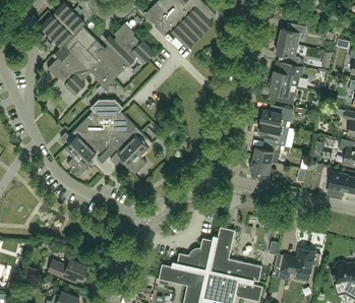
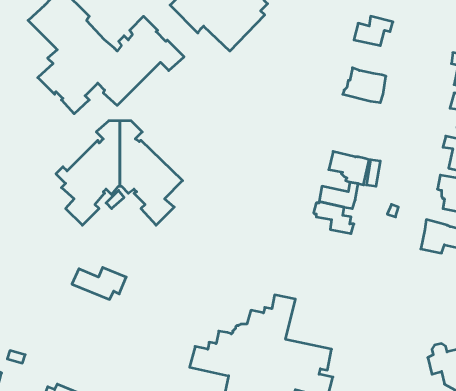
building: [276,41,299,66] -> none
building: [269,80,295,105] -> none
building: [260,107,293,127] -> none
building: [281,248,320,282] -> none
building: [48,259,87,283] -> [72,267,126,299]

